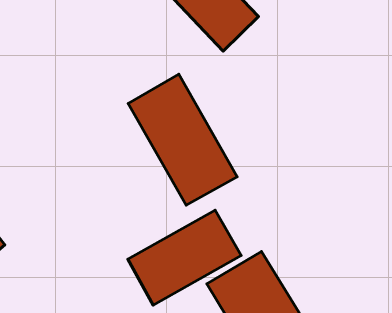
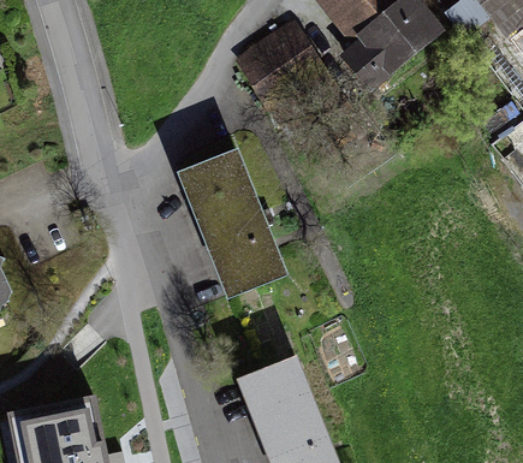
building: [128,210,241,305] -> none

